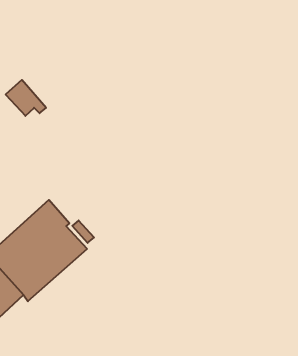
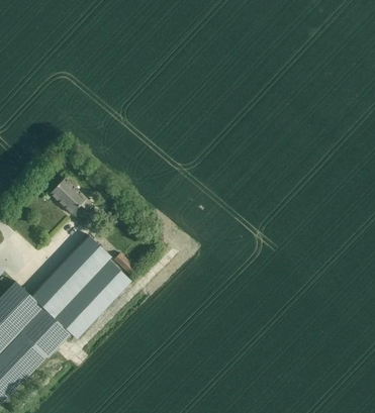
building: [6,80,46,116] -> [50,178,92,214]

